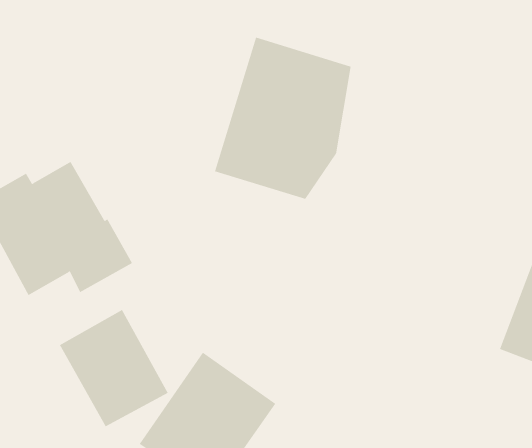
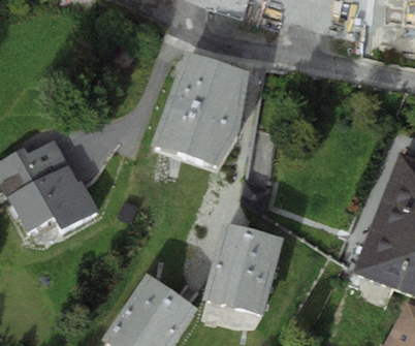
building: none -> [203,222,284,313]
building: [59,309,169,427] -> none

